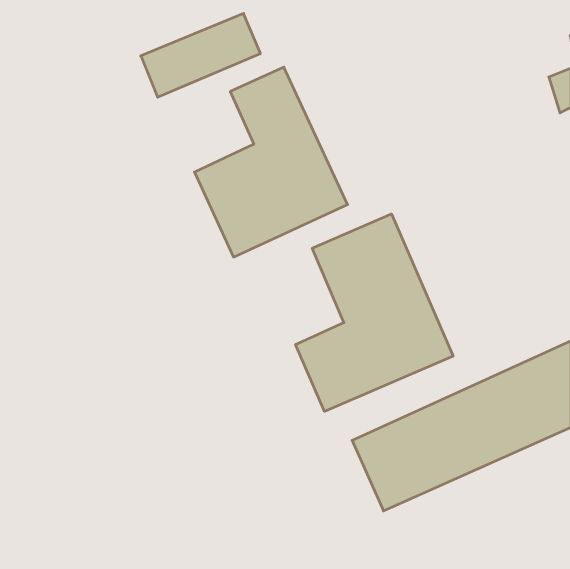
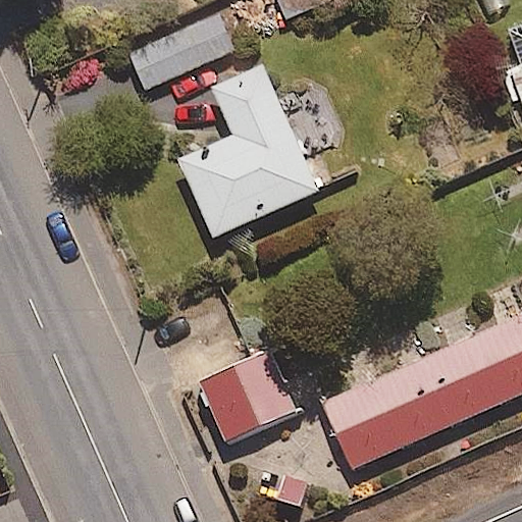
building: [296,214,453,411] -> none
building: none -> [200,351,297,447]

